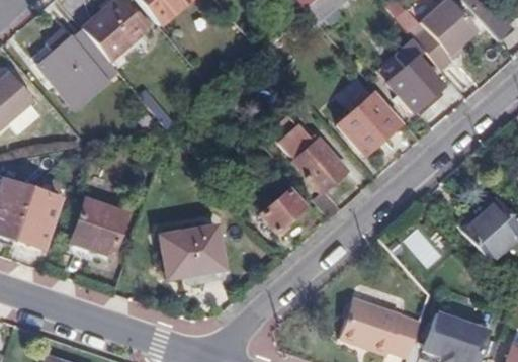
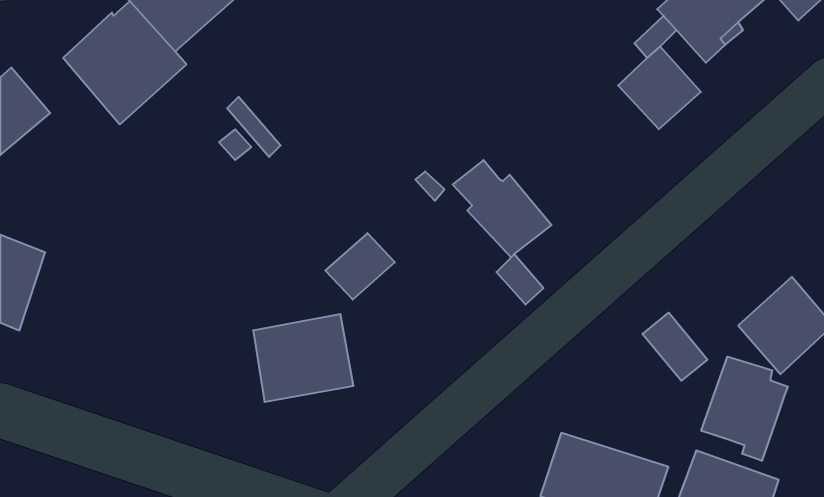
building: [336,96,399,153] -> none
building: [14,187,61,246] -> none
building: [260,188,304,230] -> [325,233,395,300]
building: [69,198,122,252] -> none
building: none -> [701,357,788,461]

